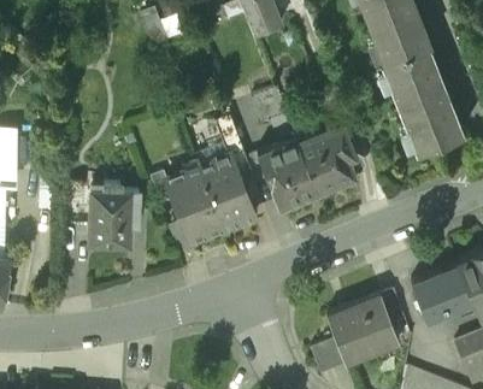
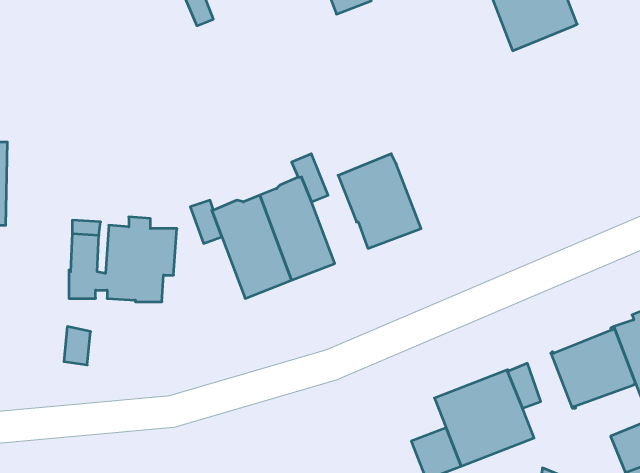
building: [381,47,463,154] -> none
building: [251,89,285,125] -> none
building: [299,126,354,194] -> none

